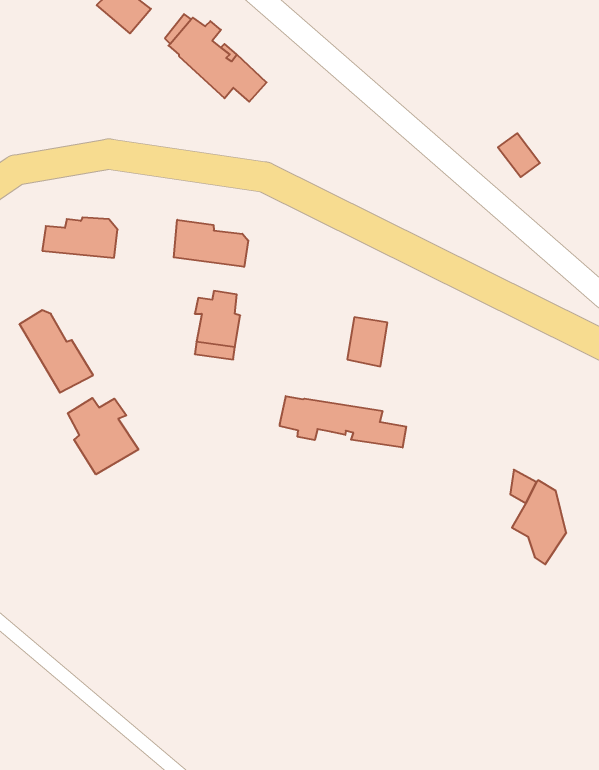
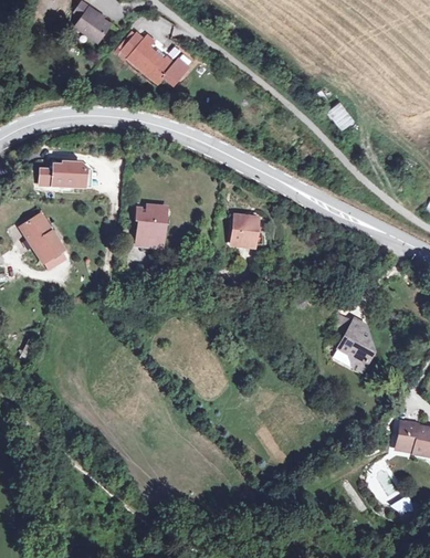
building: [174,220,248,267] -> none
building: [280,396,406,448] -> none
building: [68,398,138,474] -> none

